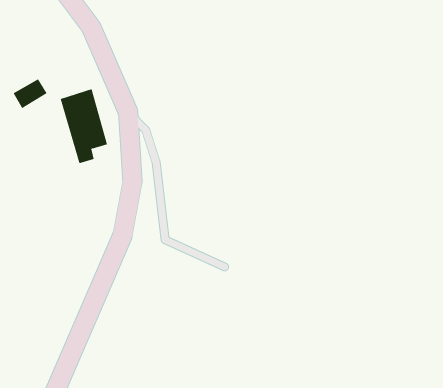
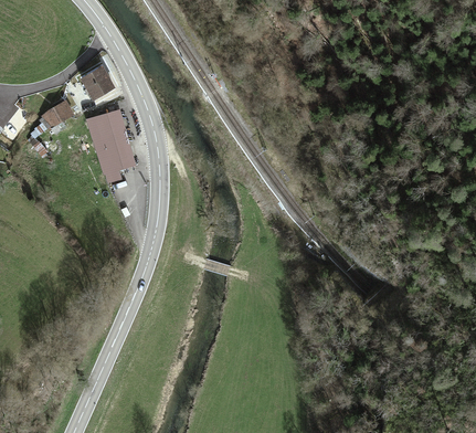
building: none -> [78,65,114,101]

